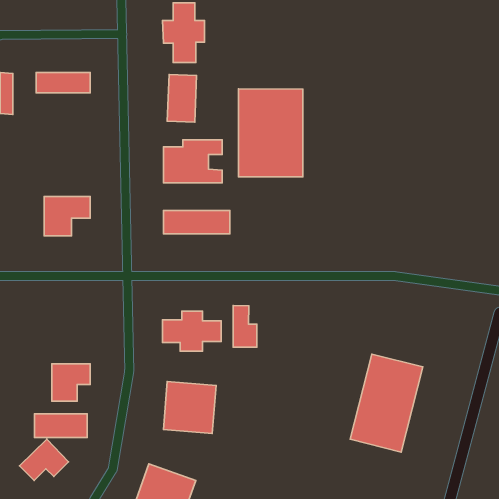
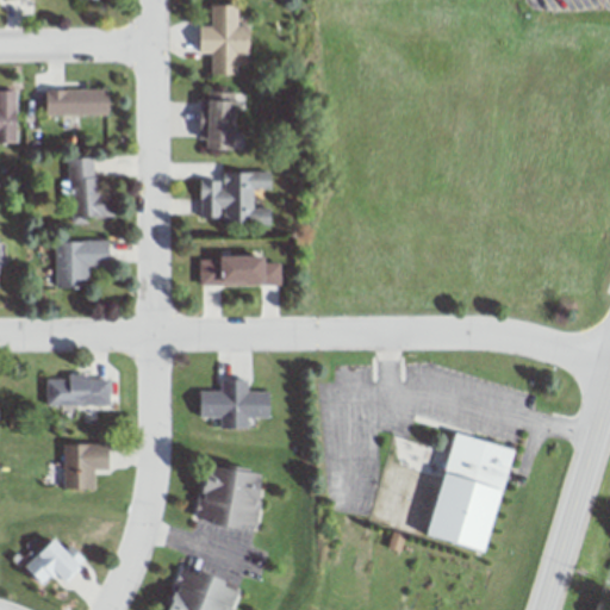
building: [239,89,303,177] -> none
building: none -> [67,157,114,220]
building: [233,305,257,347] -> none
building: [34,414,87,437] -> [45,378,110,406]

